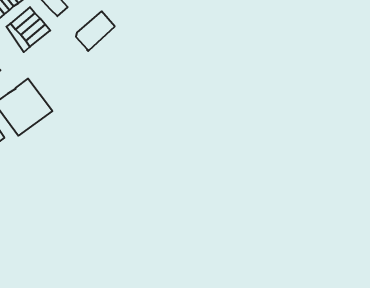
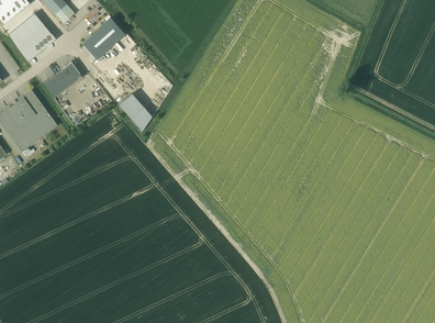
building: none -> [43,62,82,98]
building: none -> [119,92,152,131]

